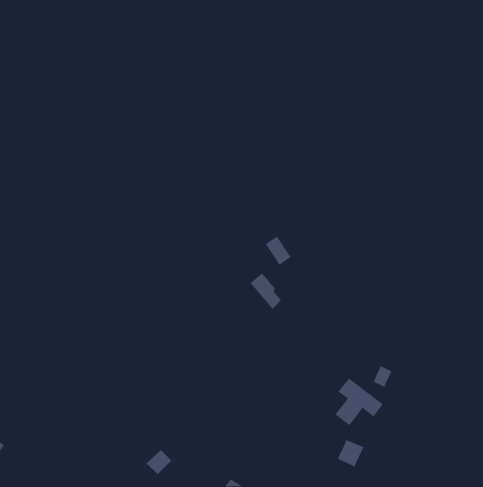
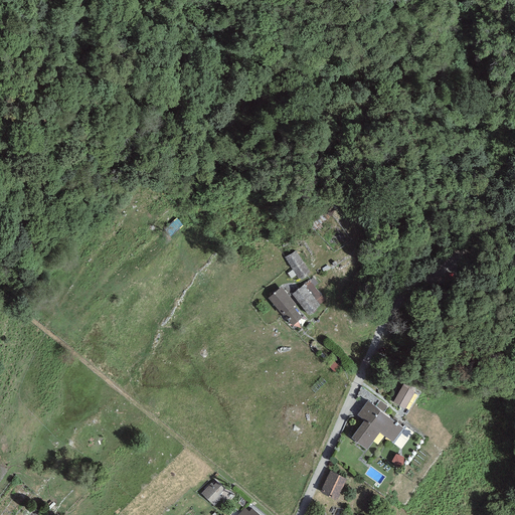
building: none -> [285,278,322,314]
building: [337,439,364,468] -> [319,470,348,500]
building: [146,449,172,475] -> [198,479,226,506]

